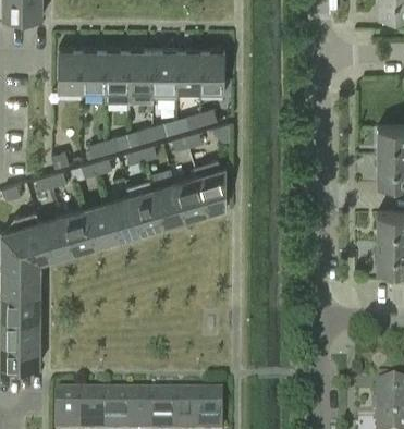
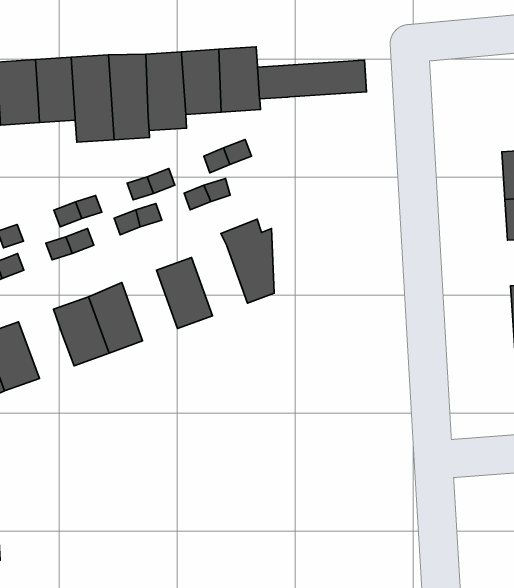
building: none -> [258,60,367,99]
building: [174,175,208,220] -> none
building: [126,181,162,233] -> none
building: [61,209,95,253] -> none

